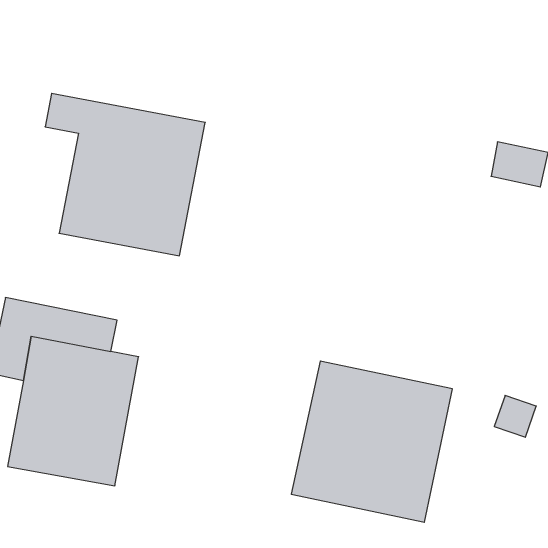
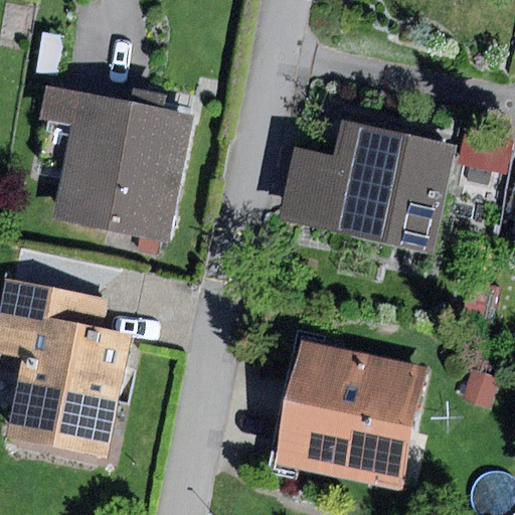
building: none -> [279,121,454,253]

